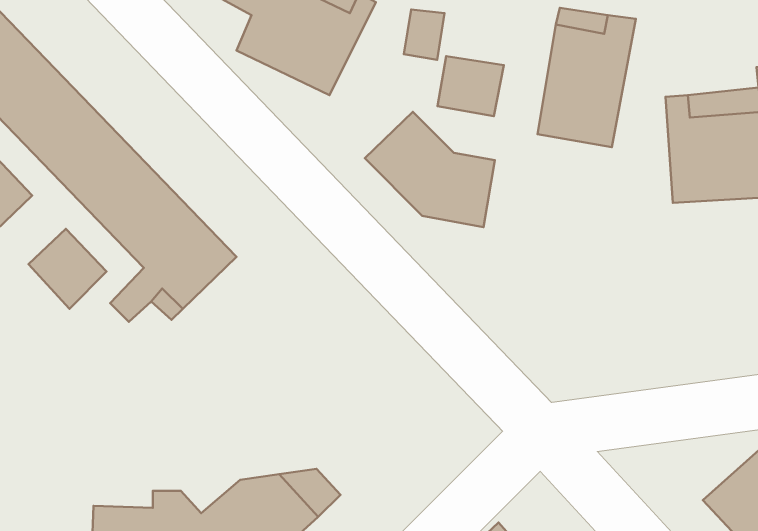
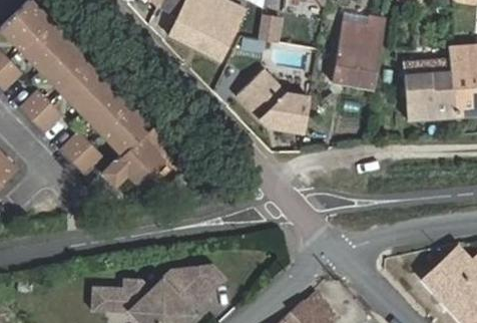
building: [438,56,504,116] -> none

